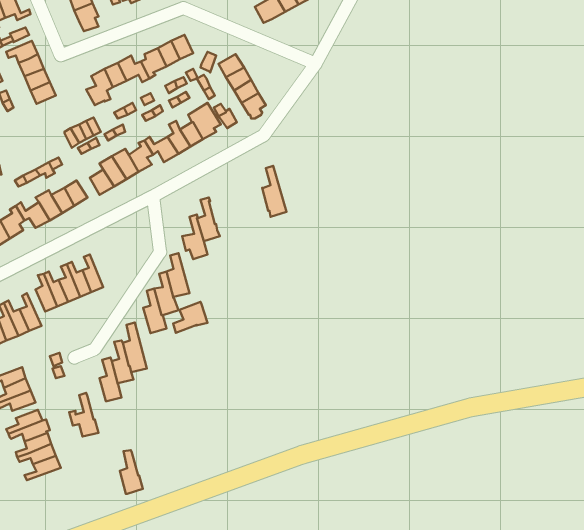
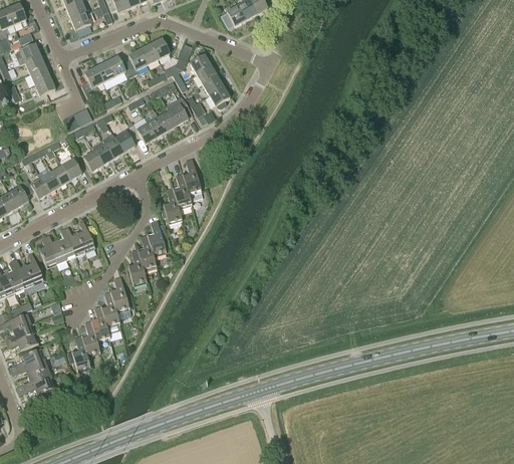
building: [262,166,286,217] -> [182,158,202,200]
building: [173,302,207,333] -> none
building: [120,450,143,494] -> [81,320,100,357]

